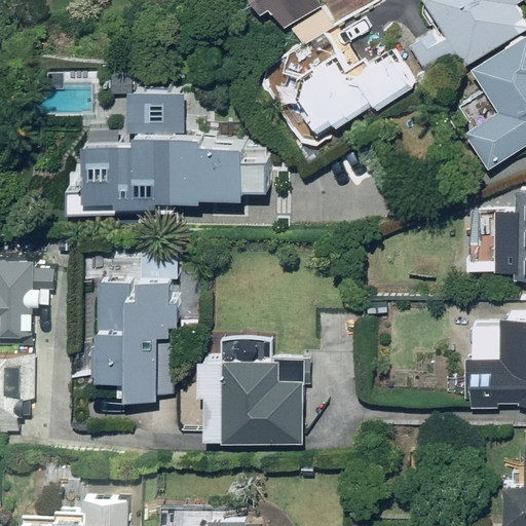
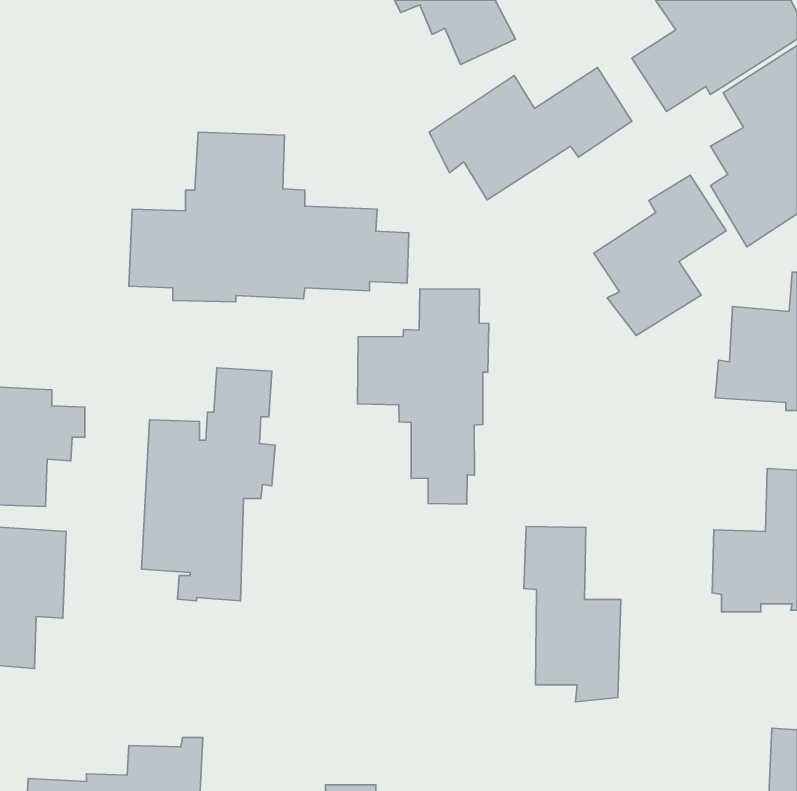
building: none -> [594,175,726,335]
building: none -> [357,289,489,504]
building: none -> [524,527,621,702]
building: [197,358,304,443] -> none

